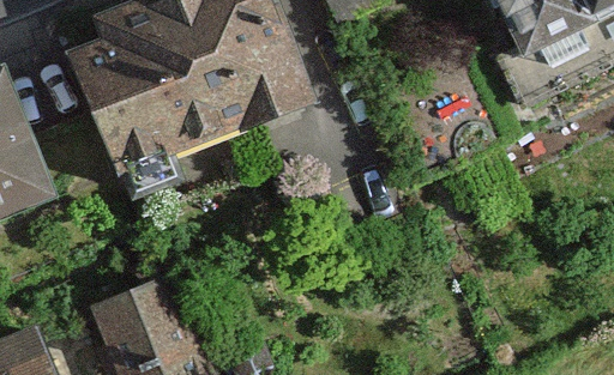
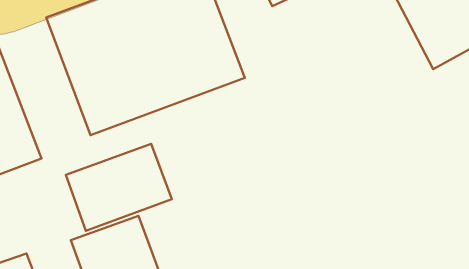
building: none -> [66,144,172,231]

